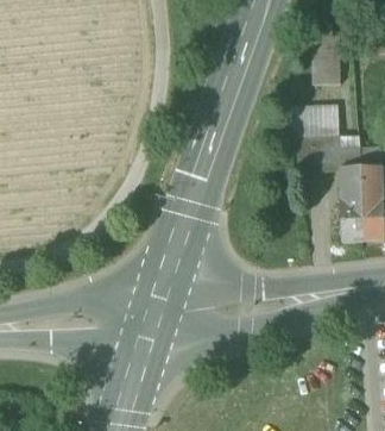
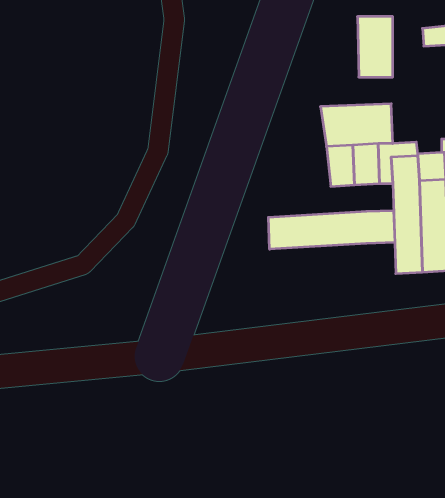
building: none -> [268,210,395,249]

